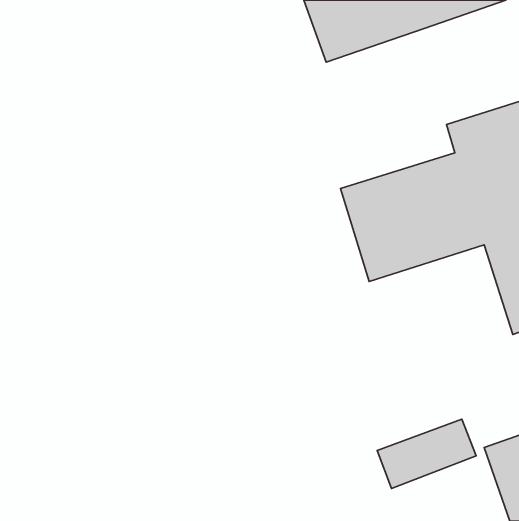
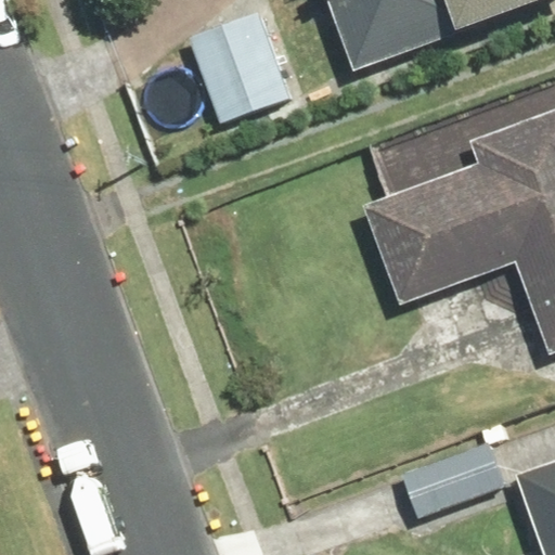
building: none -> [186,10,300,121]

